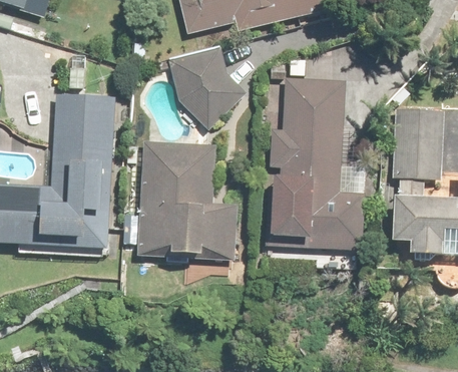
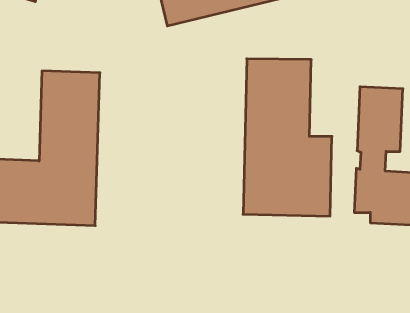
building: [169,52,248,133] -> none
building: [133,144,239,266] -> none

